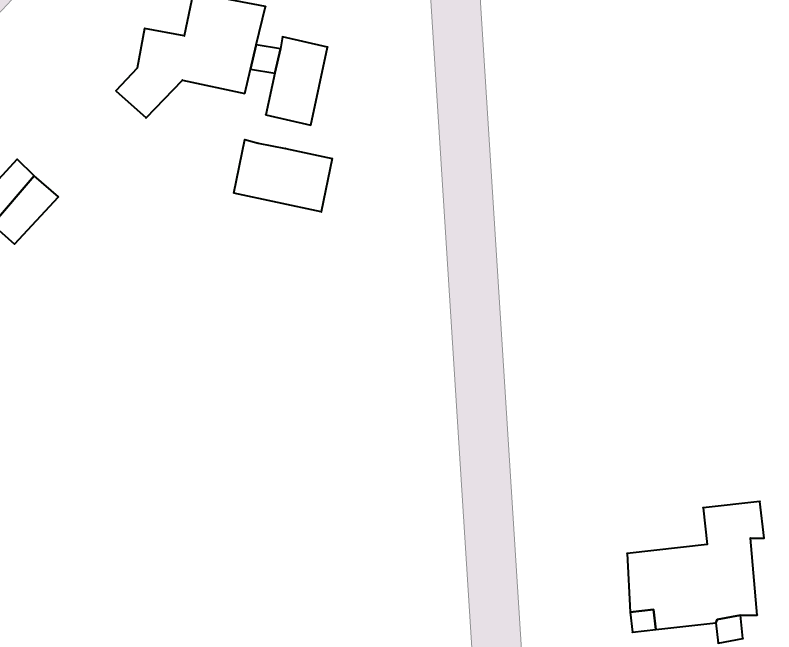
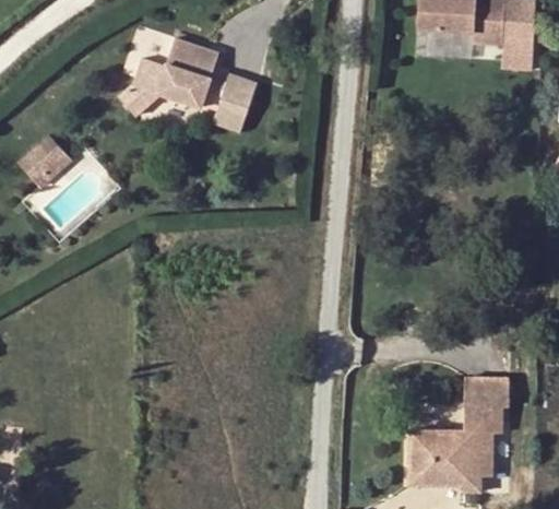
building: [234,140,332,212] -> none
building: none -> [466,377,511,406]

